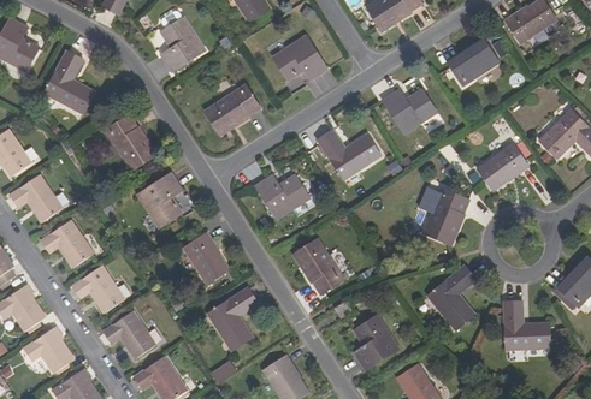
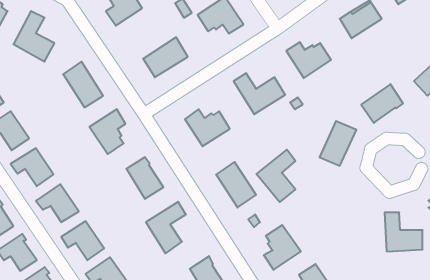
building: [427,264,475,329] -> [256,150,295,202]

